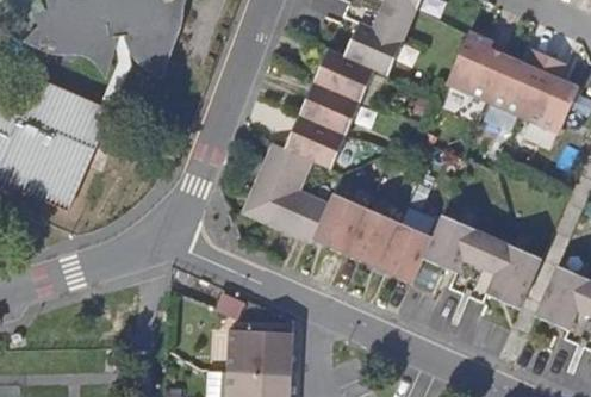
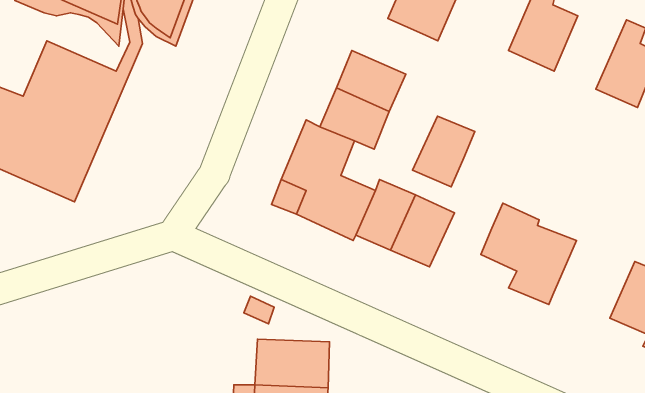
building: [312,49,373,103] -> none
building: [486,49,548,116] -> none
building: [379,222,433,283] -> [412,116,475,187]
building: [485,241,540,305] -> none

